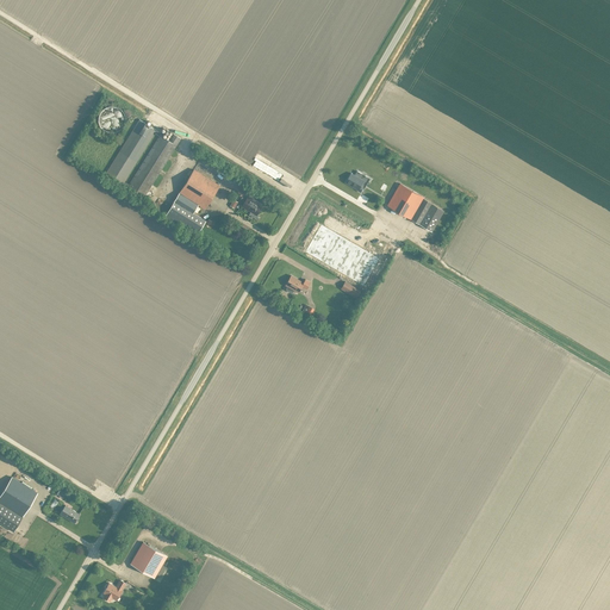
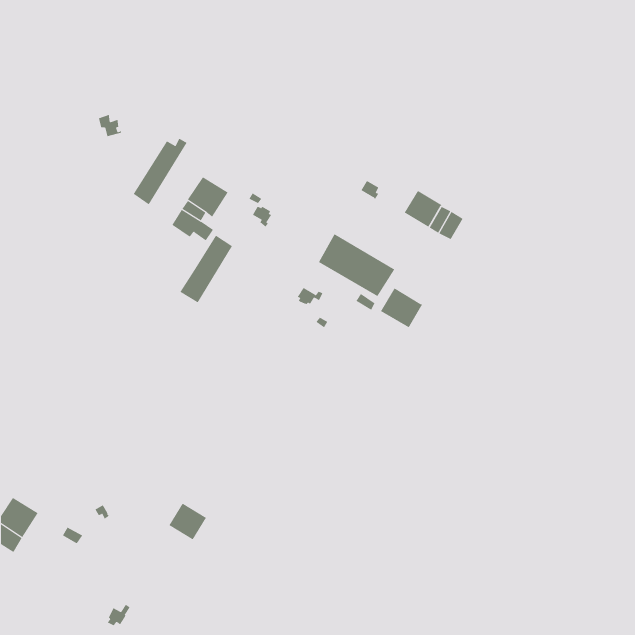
building: [105,118,156,183] -> [179,235,233,303]
building: none -> [380,287,423,328]
building: [130,541,167,577] -> [168,503,207,540]

